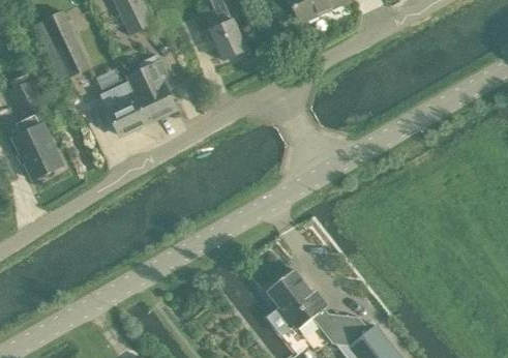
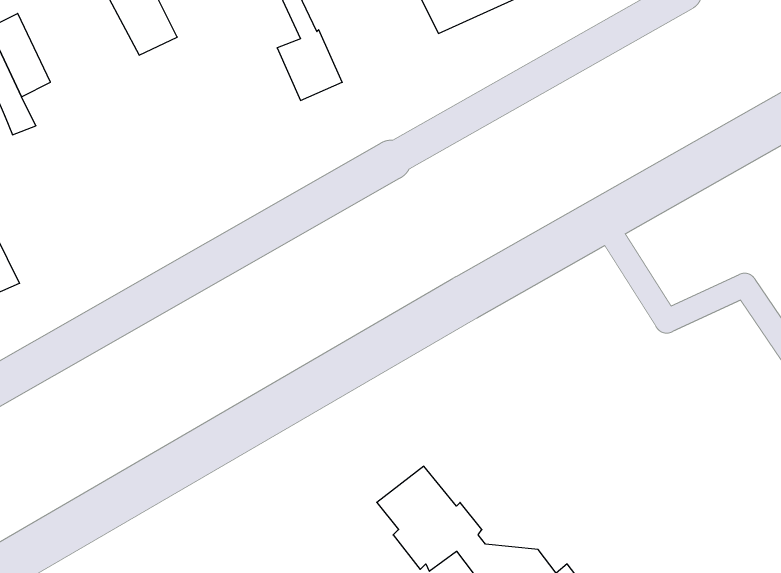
building: [102,61,176,136] -> none

